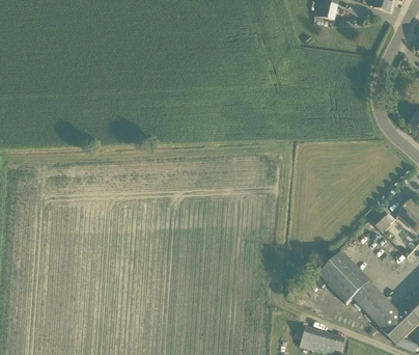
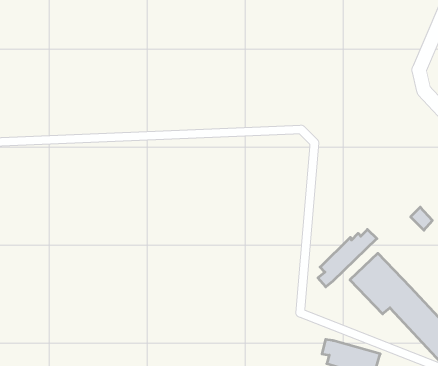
building: none -> [318,229,377,287]

